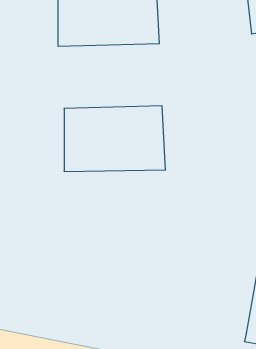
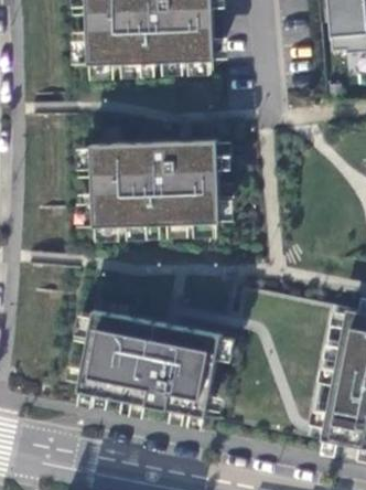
building: none -> [77,307,222,413]

